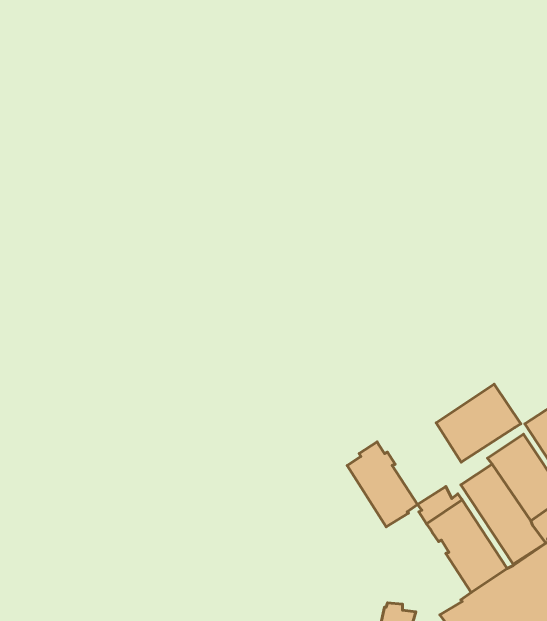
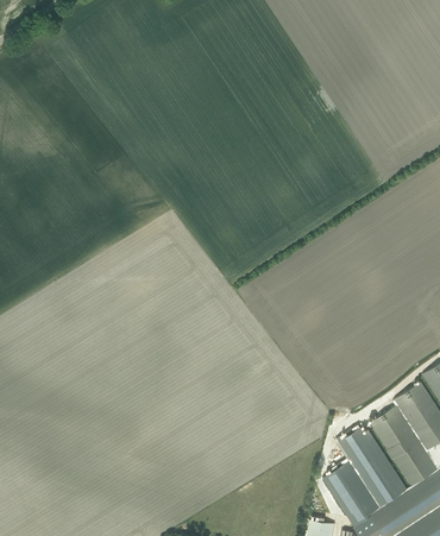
building: [436,384,521,462] -> none
building: [347,442,417,527] -> [322,458,378,525]

